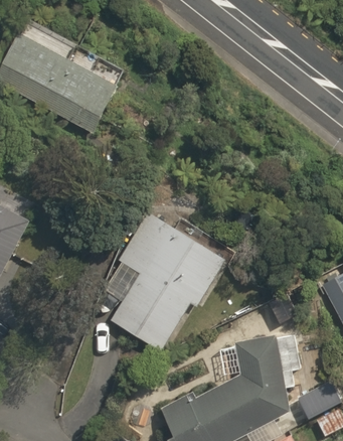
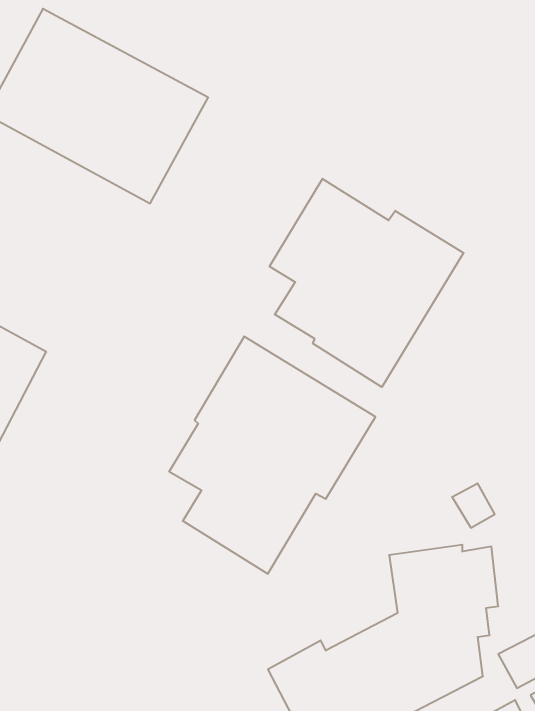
building: none -> [270,179,464,387]

